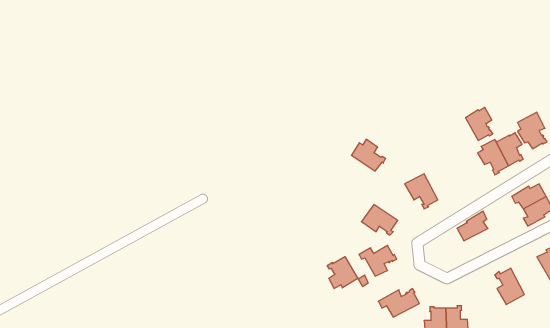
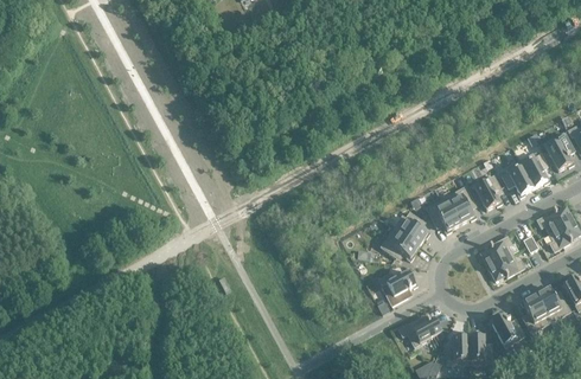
building: [466,107,493,140] -> [473,175,502,210]
building: [351,139,386,171] -> [394,212,429,245]
building: none -> [446,186,475,224]
building: none -> [487,253,524,281]
building: [327,257,358,289] -> none
building: none -> [536,285,570,322]
building: none -> [492,314,524,347]

